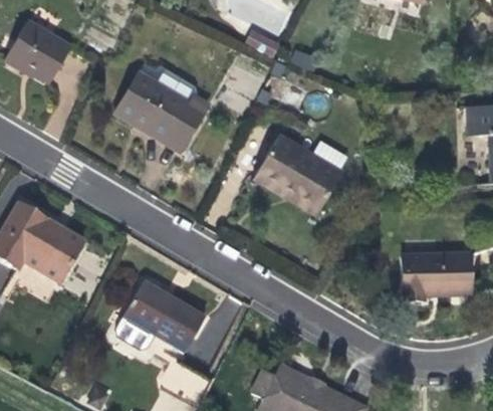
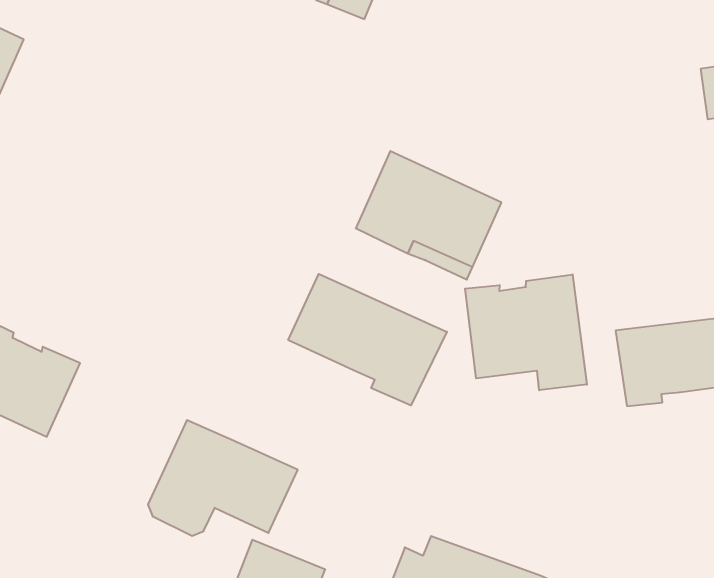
building: [115,71,209,149] -> none
building: none -> [288,274,447,405]
building: none -> [465,274,587,390]

